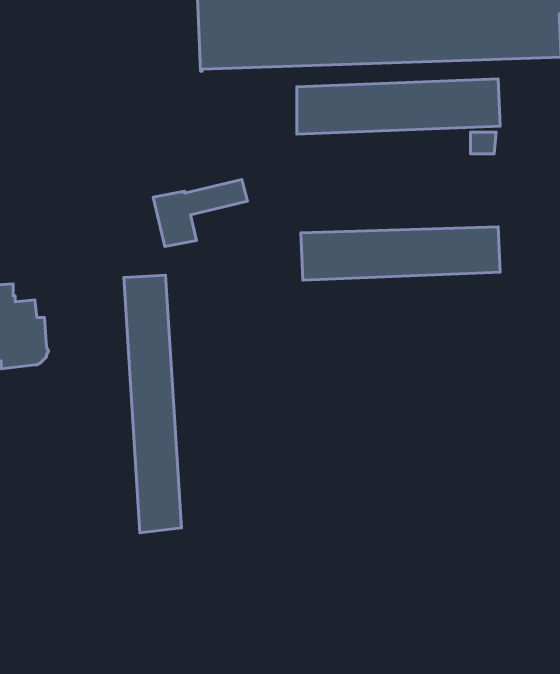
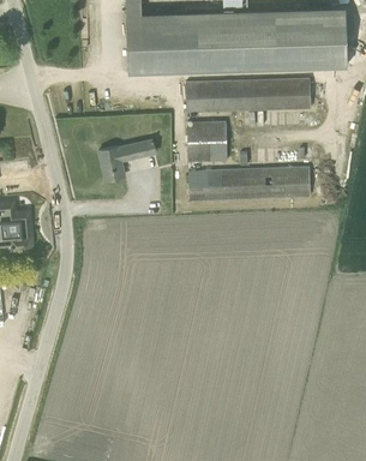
building: none -> [187,124,226,162]
building: [124,275,181,533] -> none

